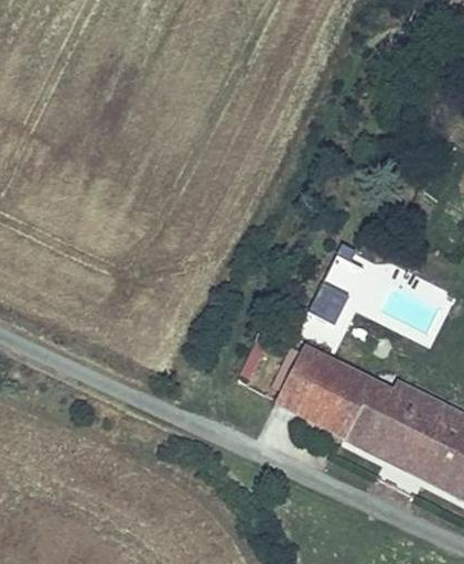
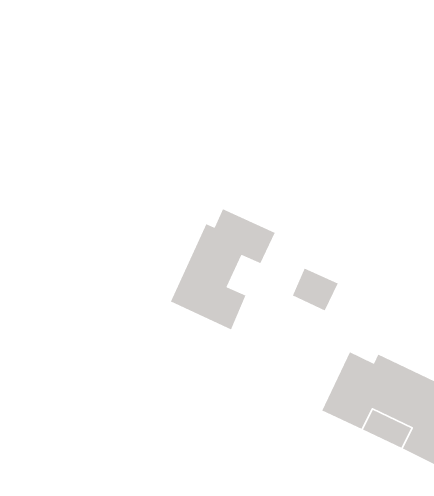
building: none -> [170,208,276,330]
building: [273,345,368,438] -> none

